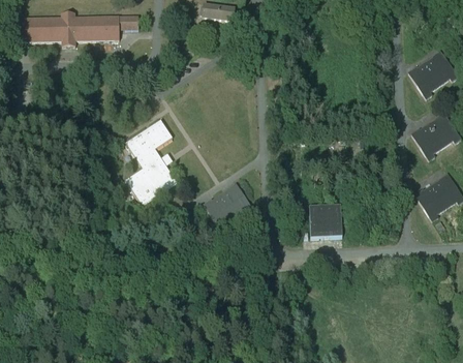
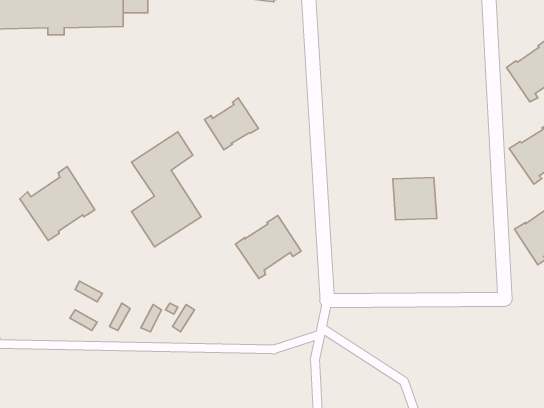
building: none -> [205,98,258,150]
building: none -> [20,166,95,241]
building: [307,207,340,239] -> [393,178,437,220]

